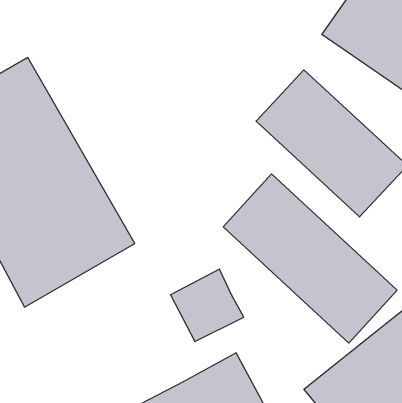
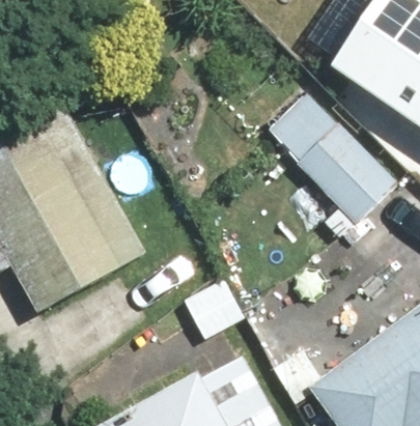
building: [223,174,397,343] -> none

